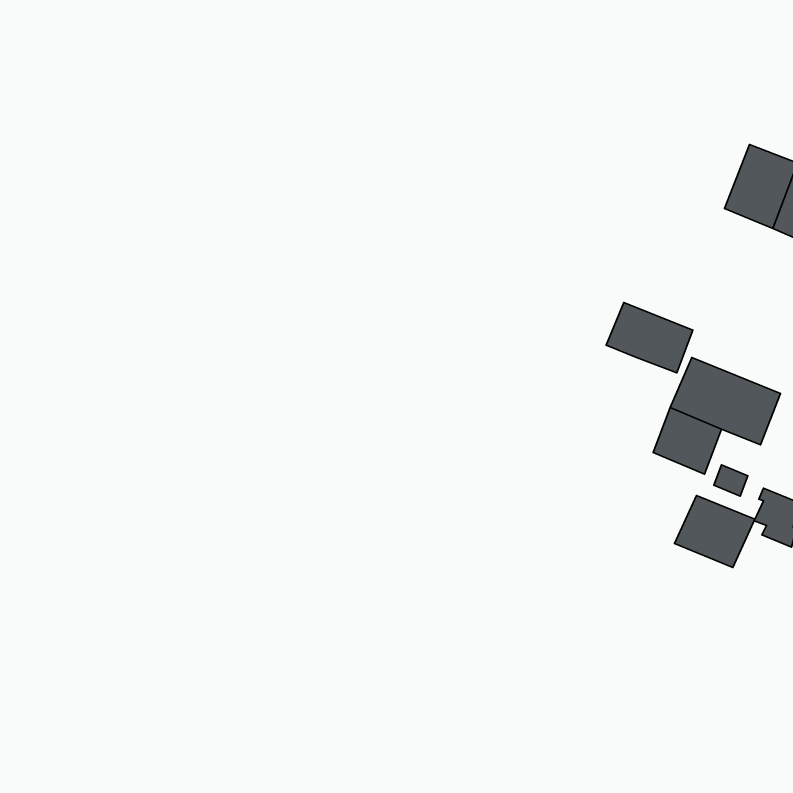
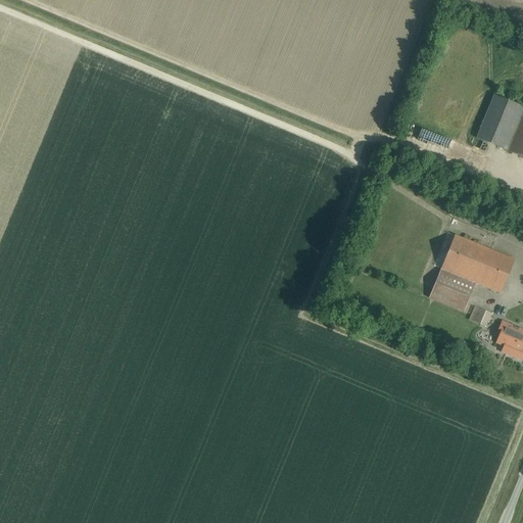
building: [606,302,693,373] -> none
building: [675,495,755,567] -> none

